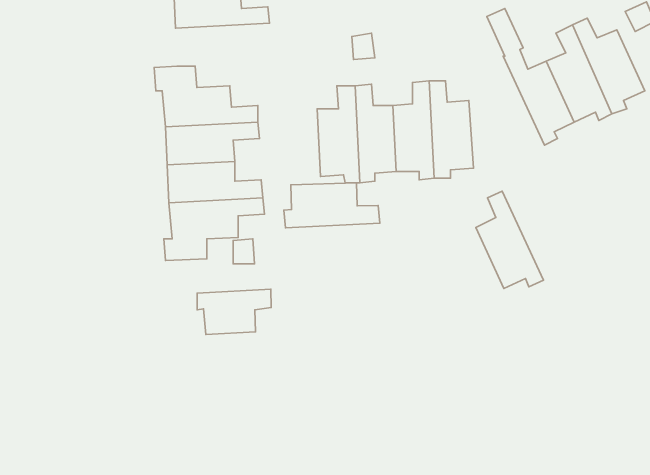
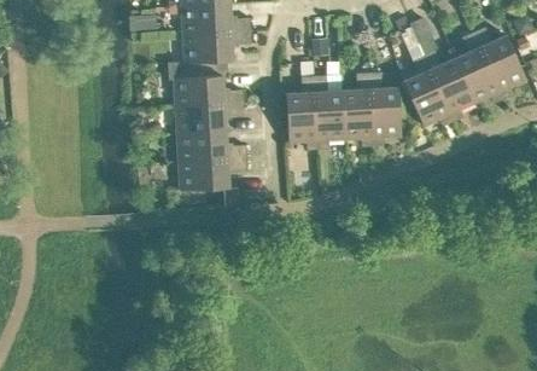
building: none -> [182,29,251,76]
building: [284,183,380,228] -> none
building: [476,191,544,289] -> [403,53,453,124]
building: [197,289,271,335] -> none

